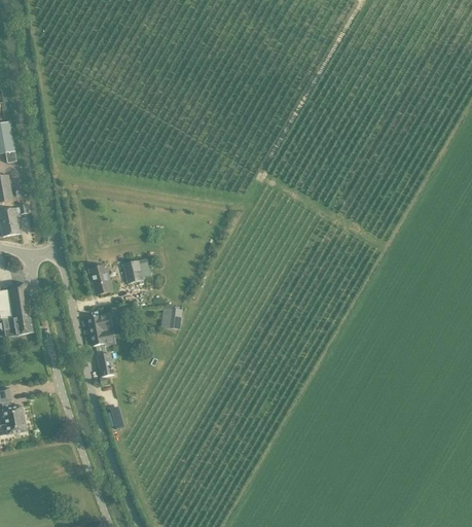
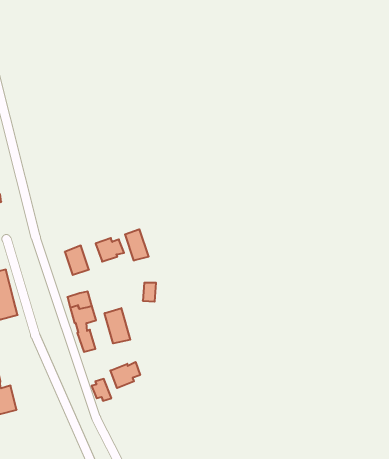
building: none -> [125,229,149,261]
building: none -> [105,308,130,343]
building: none -> [110,362,140,388]

